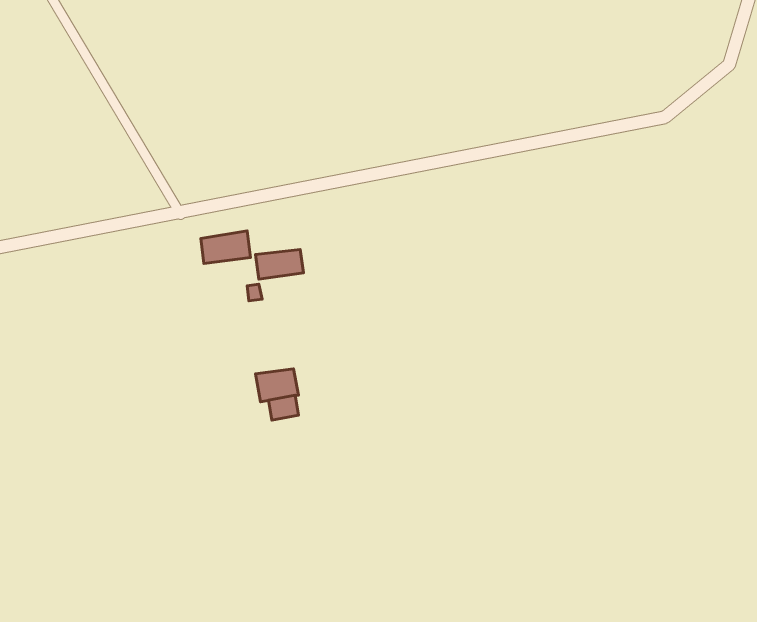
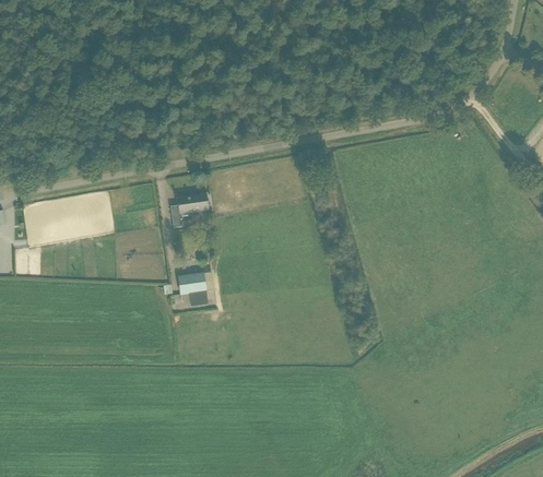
building: [201,231,251,264] -> none

